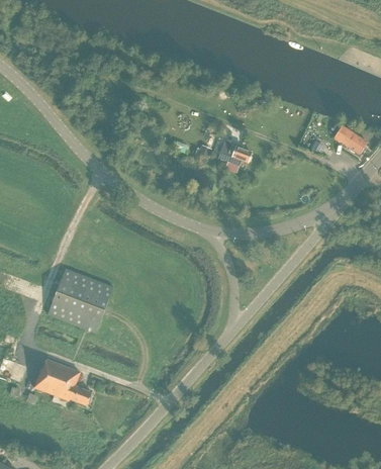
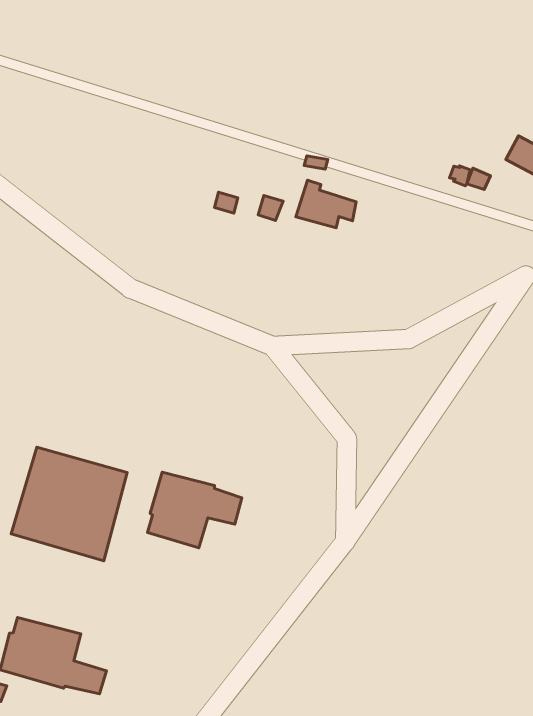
building: none -> [148,472,242,548]

